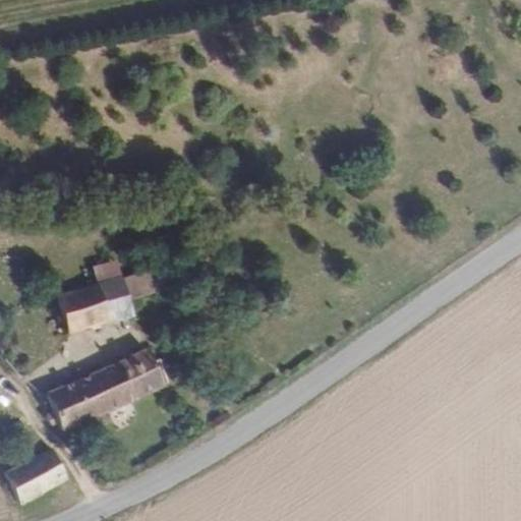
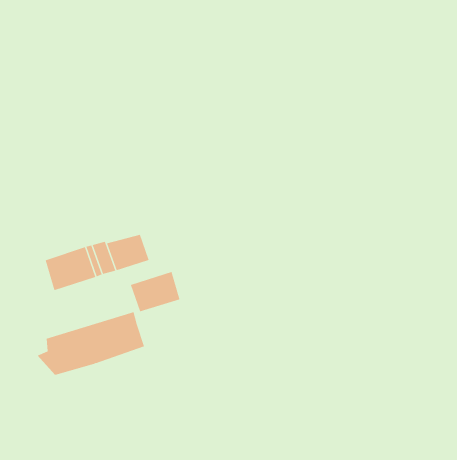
building: none -> [130,271,180,312]
building: [10,448,69,504] -> none

